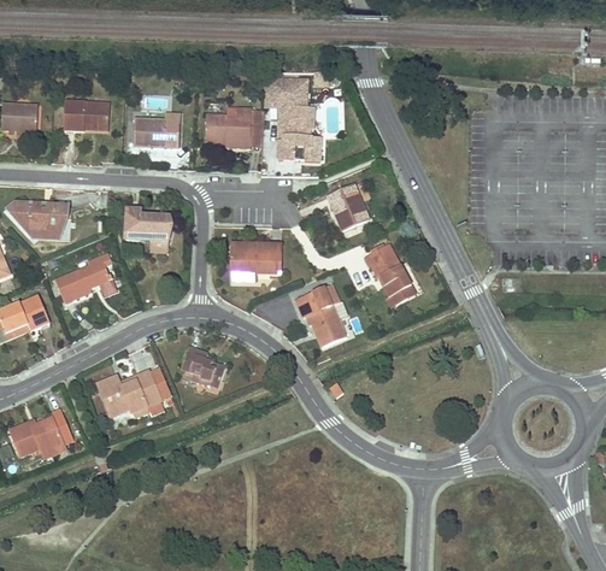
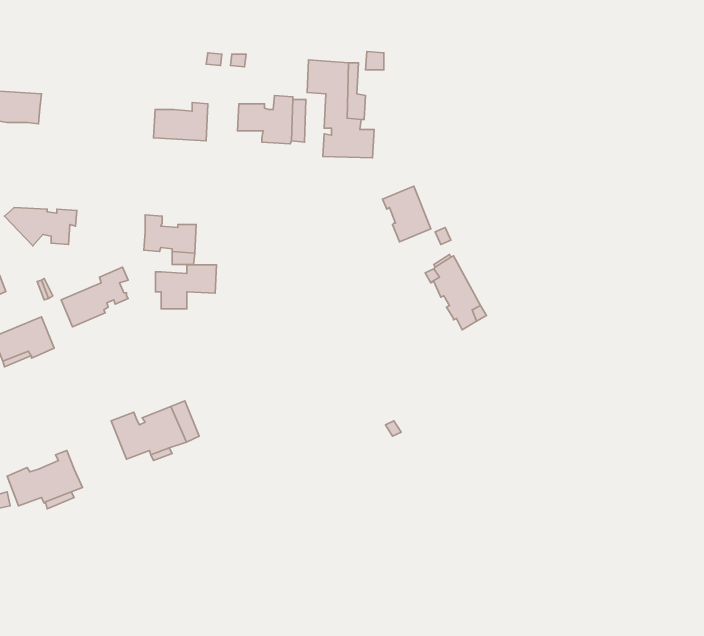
building: [64,101,110,130] -> none
building: [230,243,282,281] -> [156,265,217,309]
building: [296,284,346,347] -> none
building: [181,347,225,387] -> none

